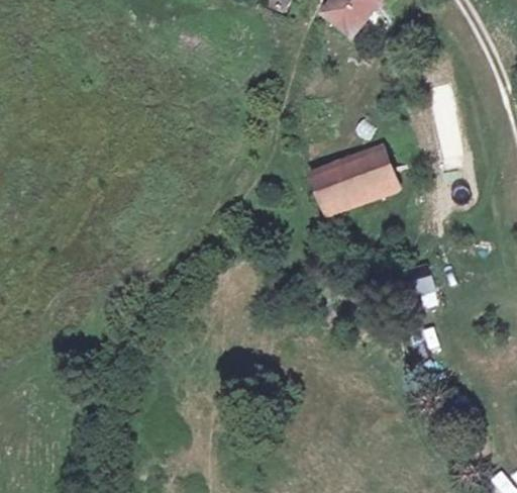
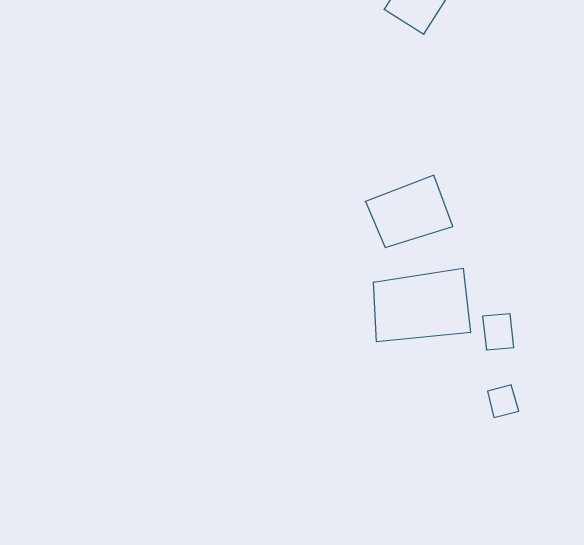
building: [364,145,398,194] -> none
building: none -> [374,268,470,342]

